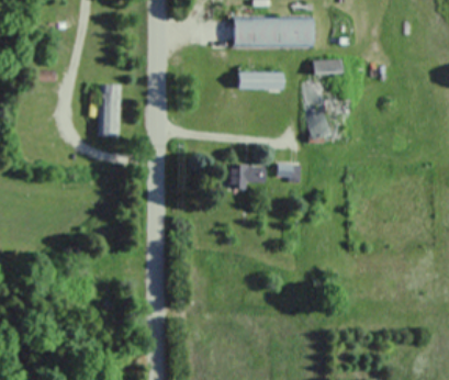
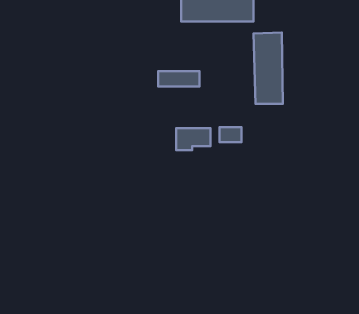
building: [236,71,281,88] -> [158,71,200,86]
building: [99,83,120,135] -> none

